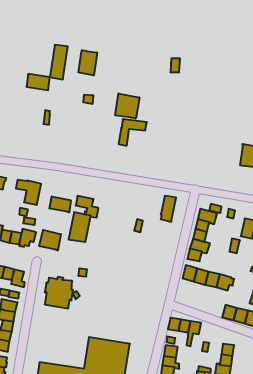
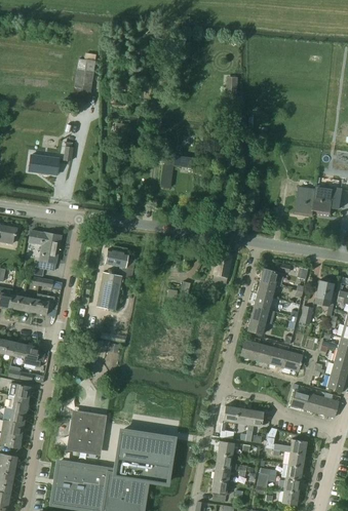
building: [78,50,97,75] -> none
building: [26,74,50,90] -> [29,154,59,174]
building: [115,93,139,118] -> none
building: none -> [296,187,316,215]
building: [49,196,71,213] -> none
building: [39,230,61,251] -> none
building: [45,277,73,308] -> [69,411,105,451]

